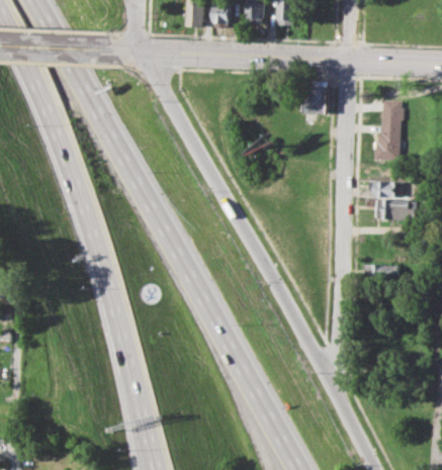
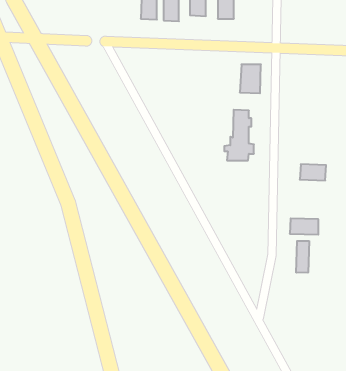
building: [371,99,407,160] -> [224,110,254,160]
building: [368,182,401,198] -> none
building: none -> [296,241,309,273]

